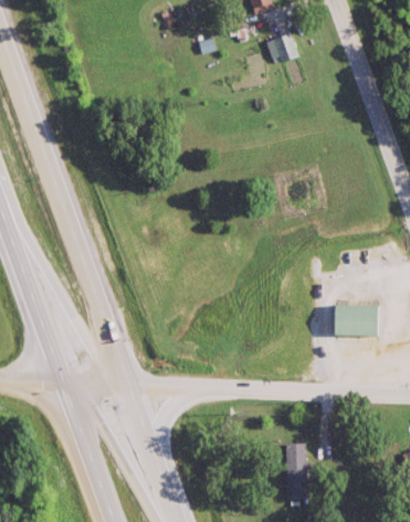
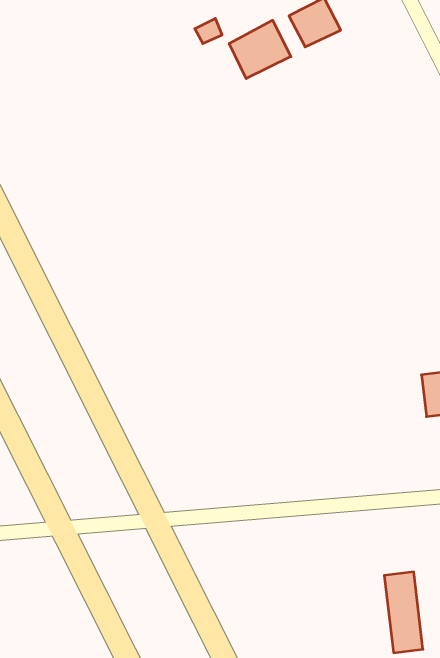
building: none -> [229,20,291,79]

